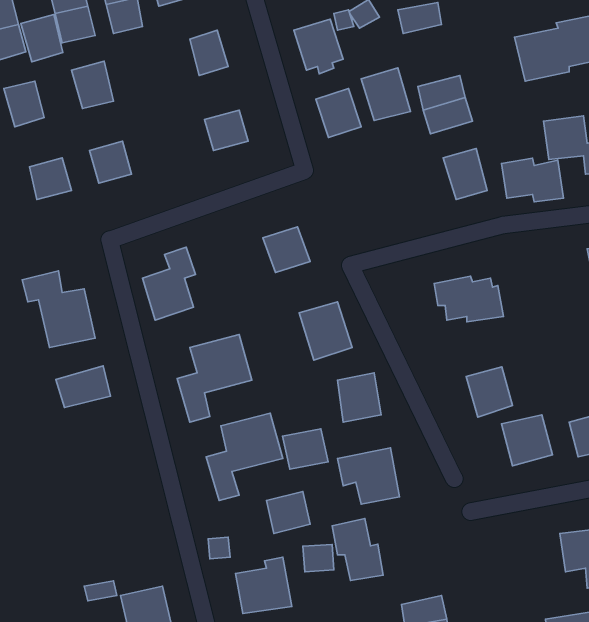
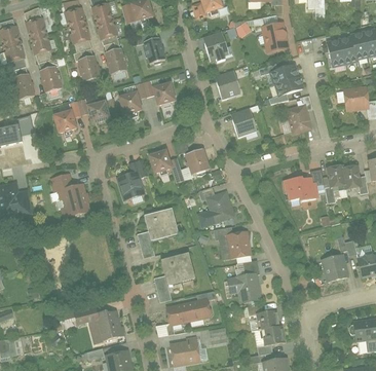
building: [21,14,63,62] -> [104,47,127,74]
building: [361,68,411,121] -> [230,107,258,137]
building: none -> [118,90,143,114]
building: [501,158,563,202] -> [327,163,362,188]
building: none -> [148,148,173,174]
building: [56,366,111,407] -> none
building: [466,367,512,417] -> none
building: [283,429,328,469] -> [165,302,191,325]
building: none -> [96,311,127,340]
building: [332,519,383,581] -> [257,310,286,345]

